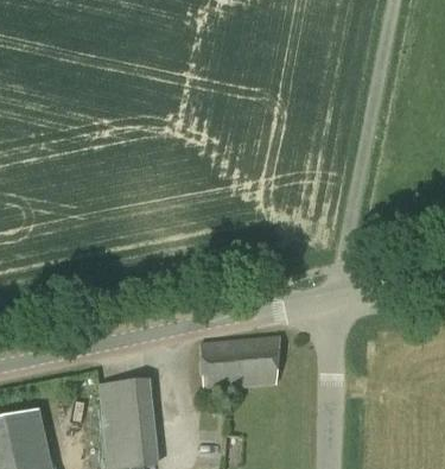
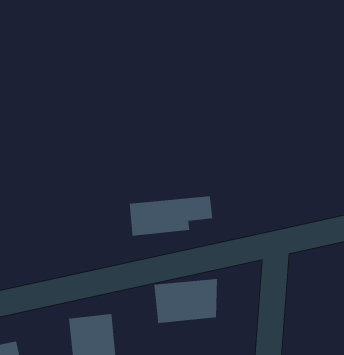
building: none -> [129,195,213,237]

